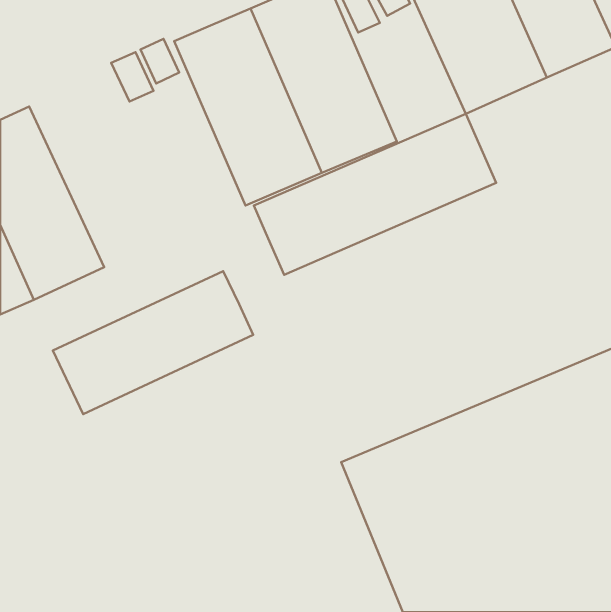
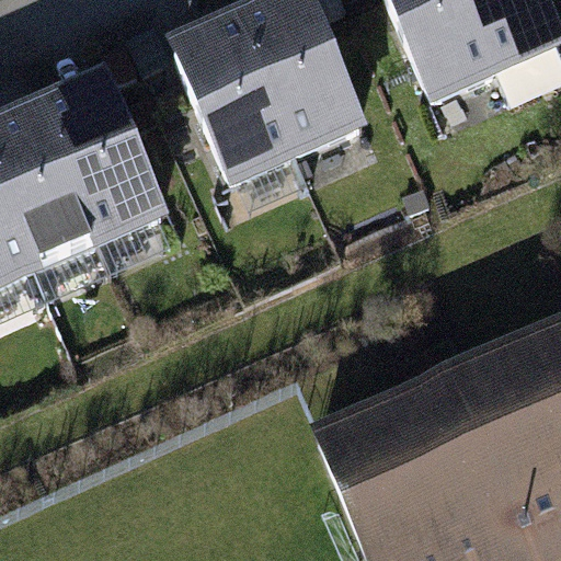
building: none -> [33,68,164,242]
building: [254,114,496,275] -> none
building: [53,271,253,414] -> none

